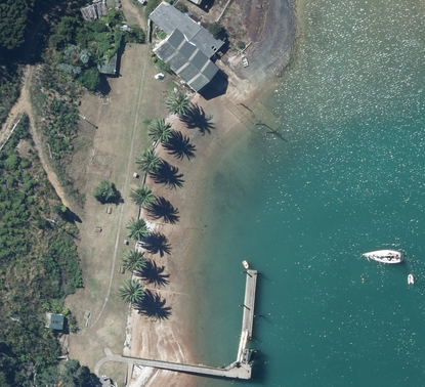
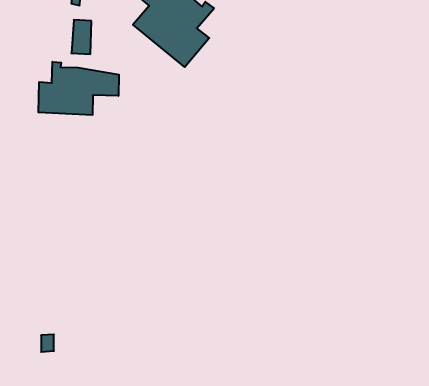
building: none -> [38,62,119,115]

